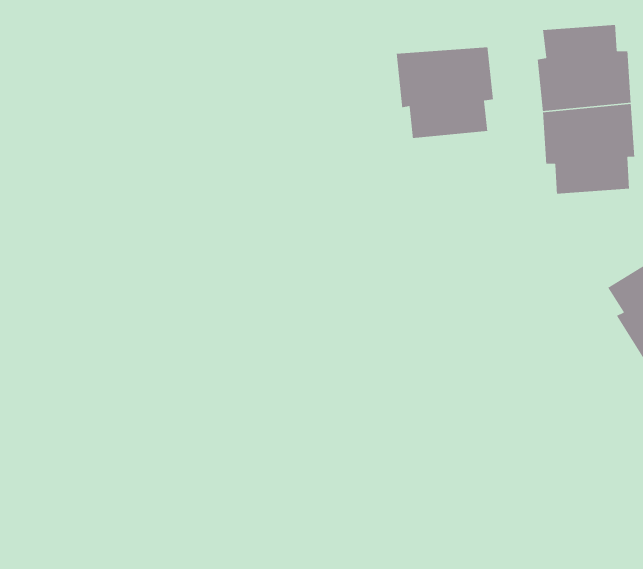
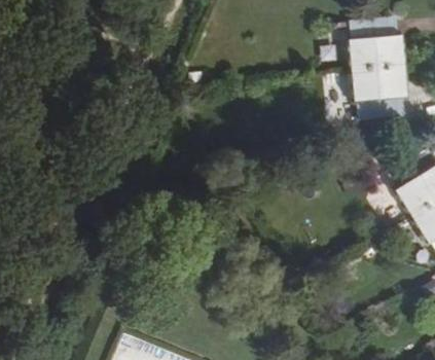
building: [396,46,494,139] -> none

